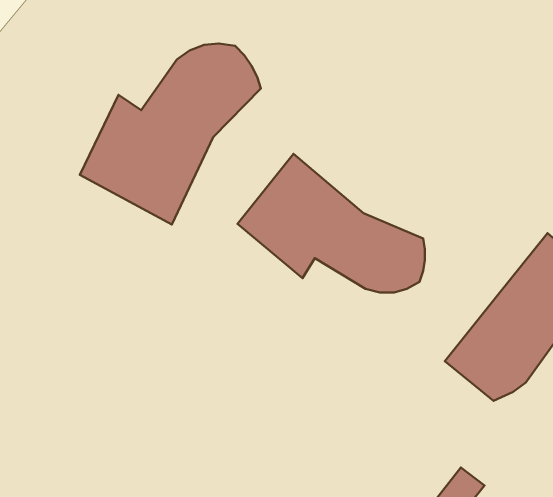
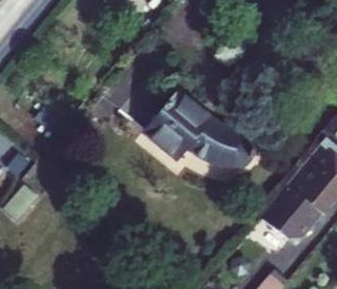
building: [80,44,261,225] -> none

